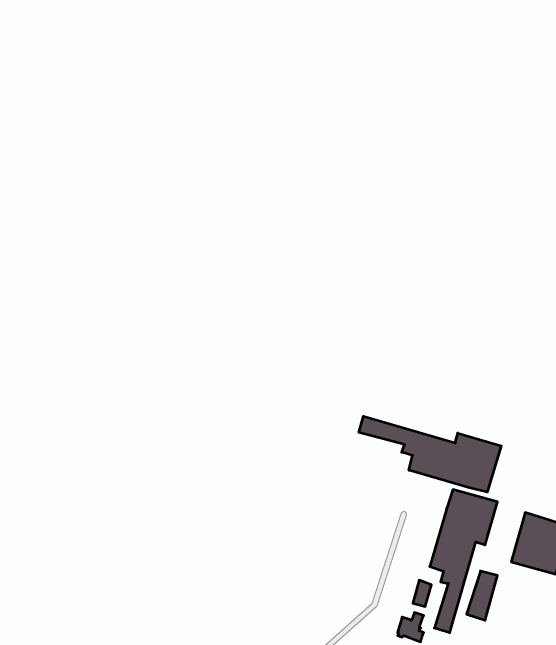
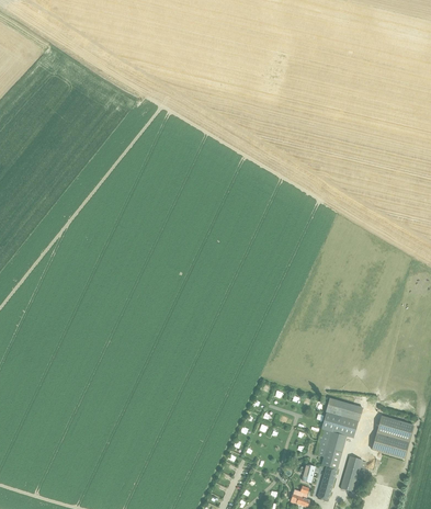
building: [359,416,501,492] -> none

